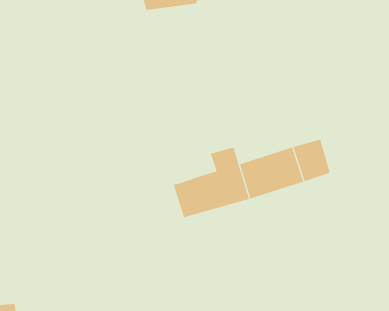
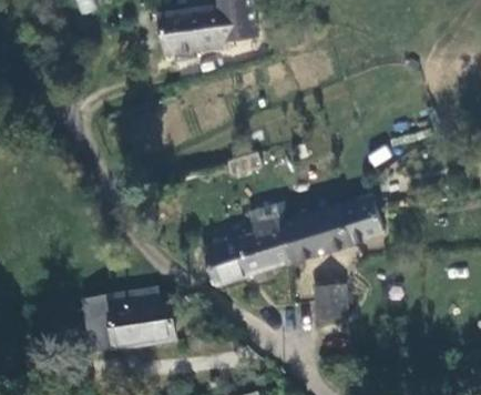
building: none -> [318,285,351,317]
building: none -> [91,294,181,351]

